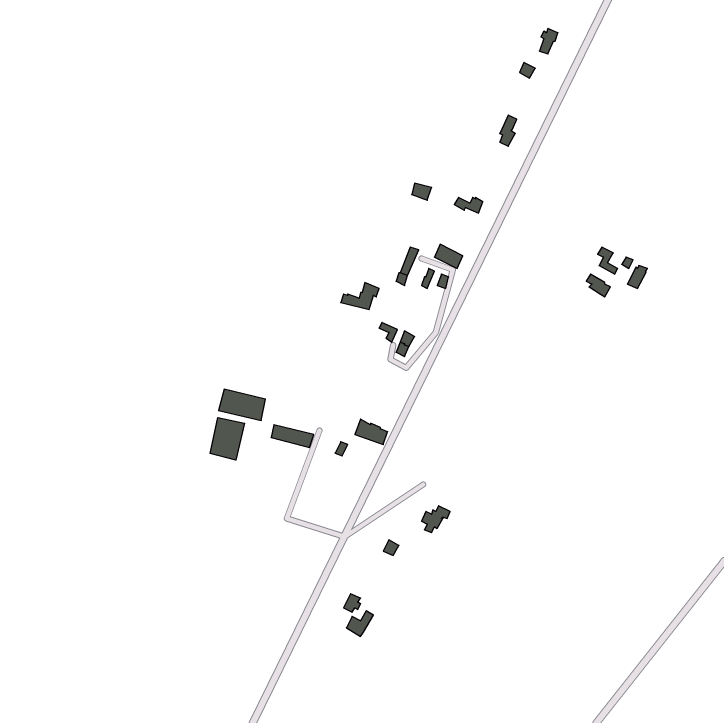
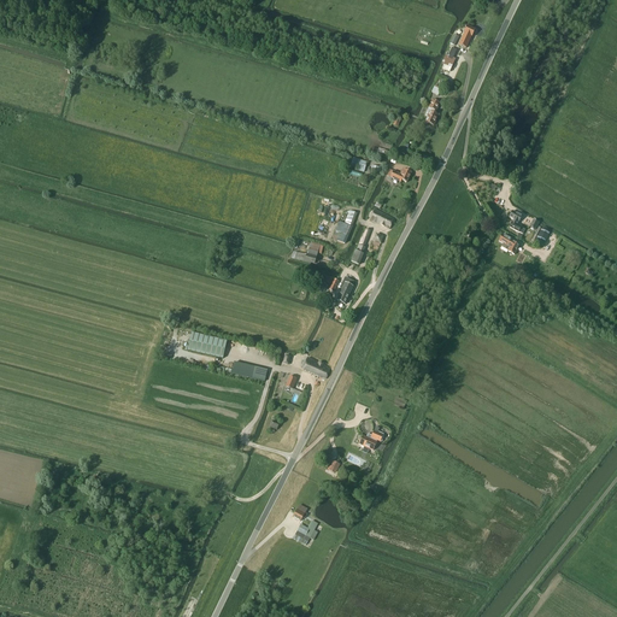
building: [210,418,245,460] -> none

